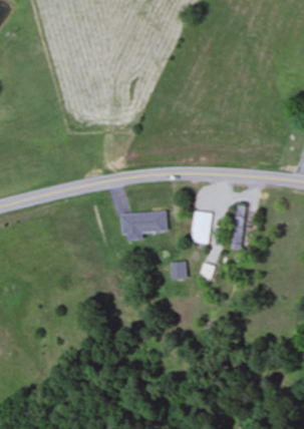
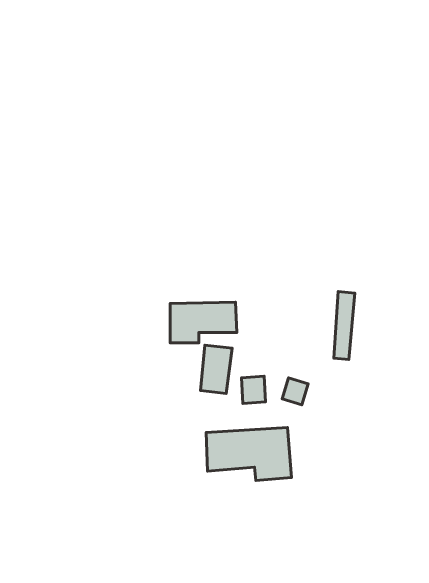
building: [191,210,212,243] -> [200,345,232,393]
building: none -> [206,428,292,481]

